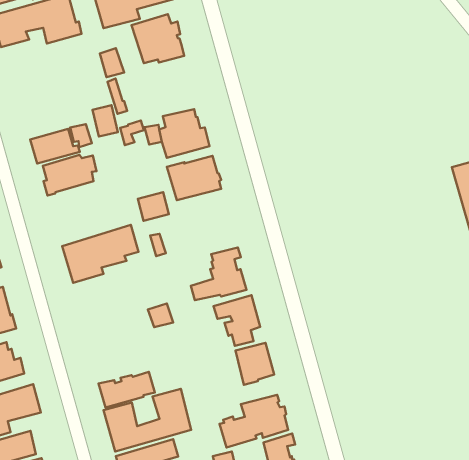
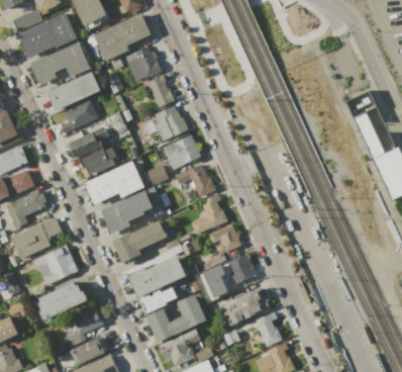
building: none -> [47,71,100,109]
building: none -> [141,74,175,106]
building: none -> [61,99,99,132]
building: none -> [85,160,144,204]
building: none -> [175,164,215,196]
building: none -> [112,219,171,263]
building: none -> [127,255,186,298]
building: none -> [202,264,227,297]

